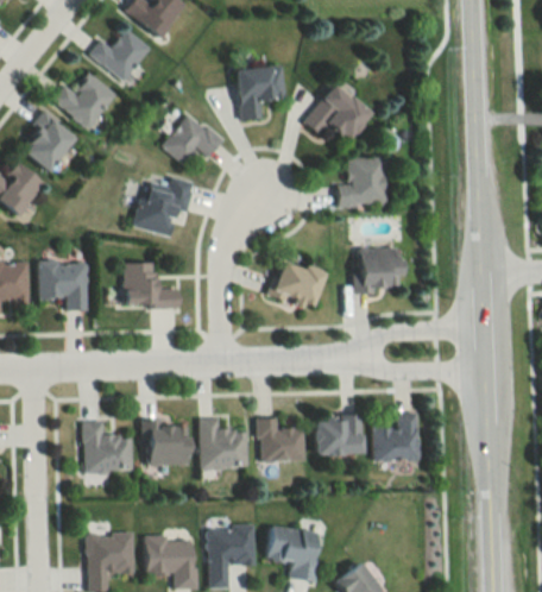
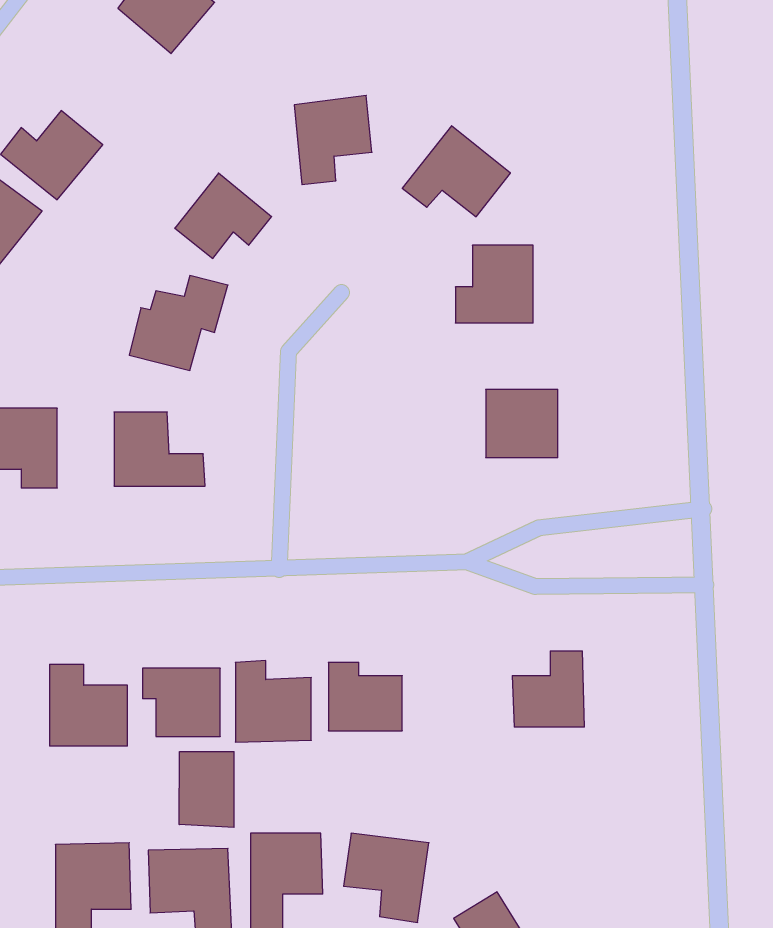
building: [89,30,151,88] -> none
building: [269,258,326,310] -> none
building: [316,416,364,455] -> none
building: none -> [179,752,234,827]

